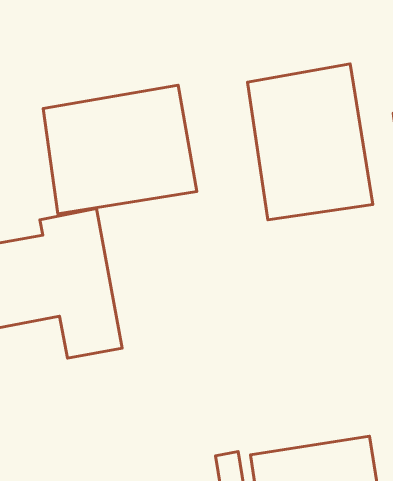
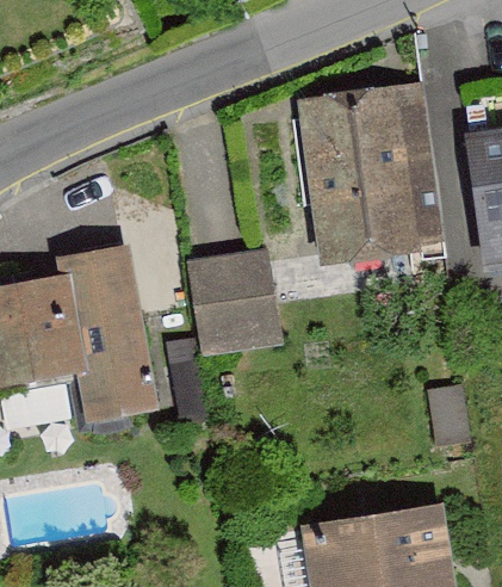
building: [43,85,197,214] -> none
building: none -> [188,254,277,342]

